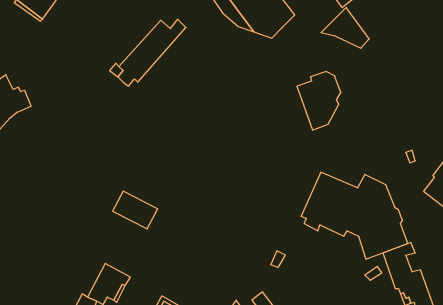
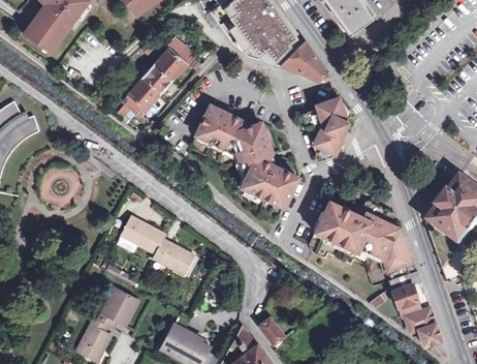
building: [321,7,369,48] -> [280,41,327,82]
building: none -> [190,104,298,219]
building: none -> [155,239,195,275]

